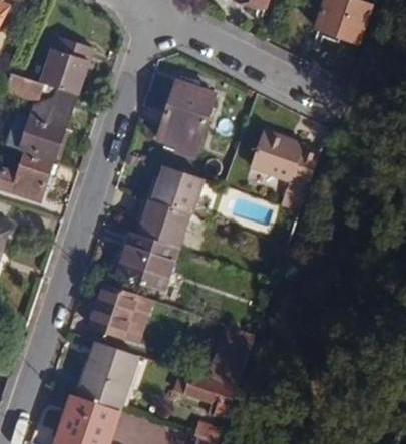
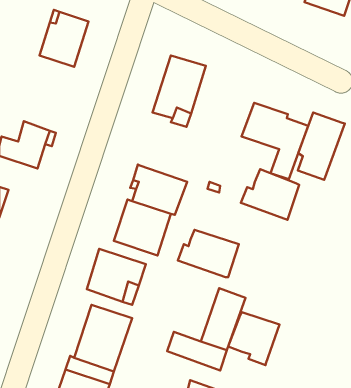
building: [5,73,74,158] -> none
building: none -> [298,113,345,180]
building: [145,165,209,214] -> [178,230,239,277]
building: none -> [241,169,299,220]
building: none -> [228,312,280,365]

